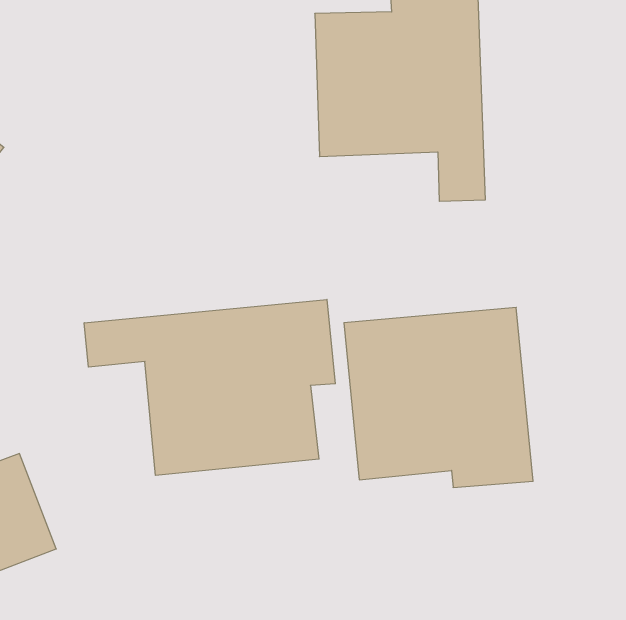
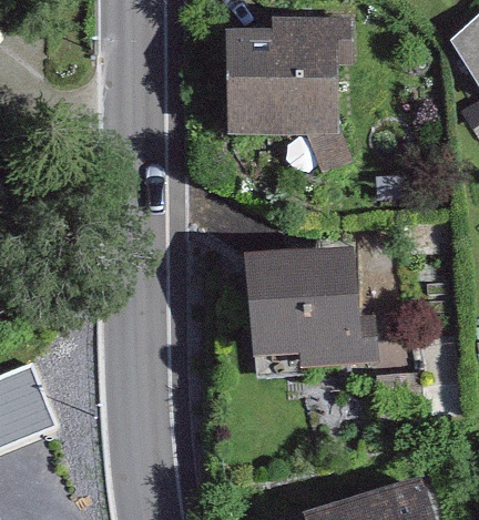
building: [84,299,335,475] -> none

